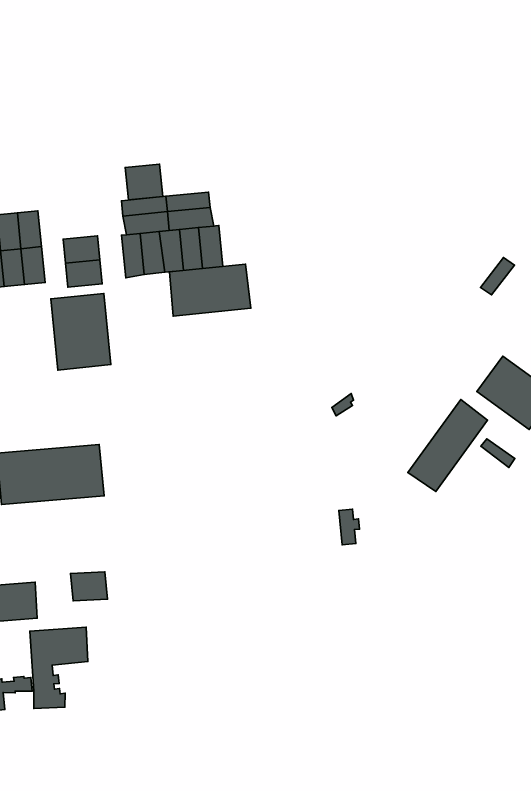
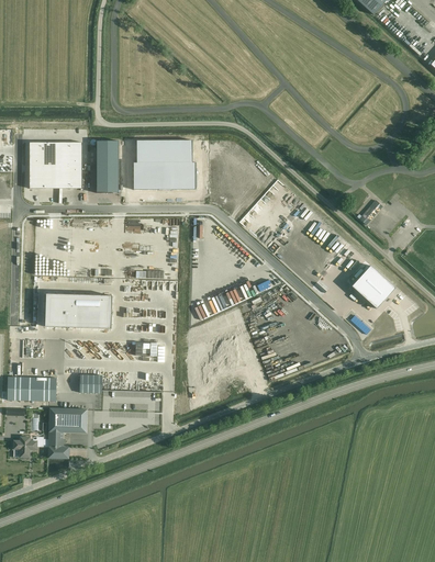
building: [125,164,163,200] -> [97,140,119,161]
building: [170,264,251,316] -> none
building: [51,293,111,370] -> none
building: [408,400,488,492] -> none

